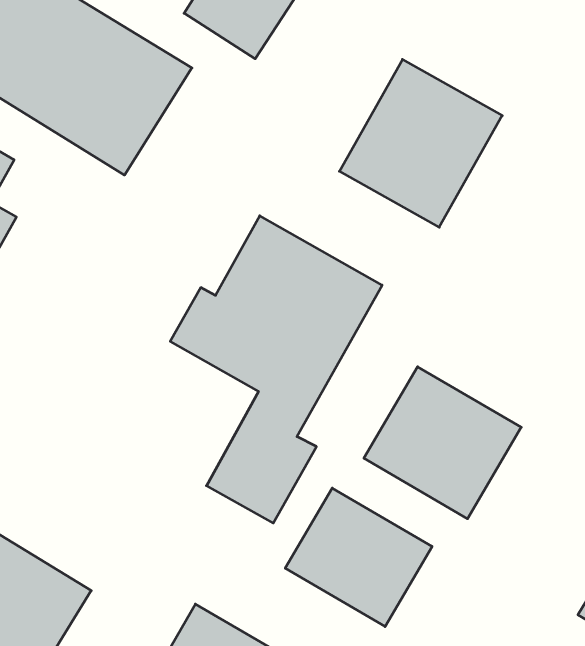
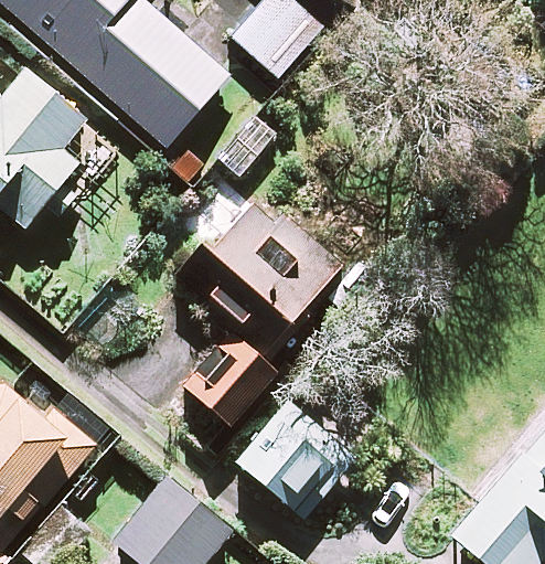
building: [339,59,502,227] -> none
building: [364,367,521,519] -> none

